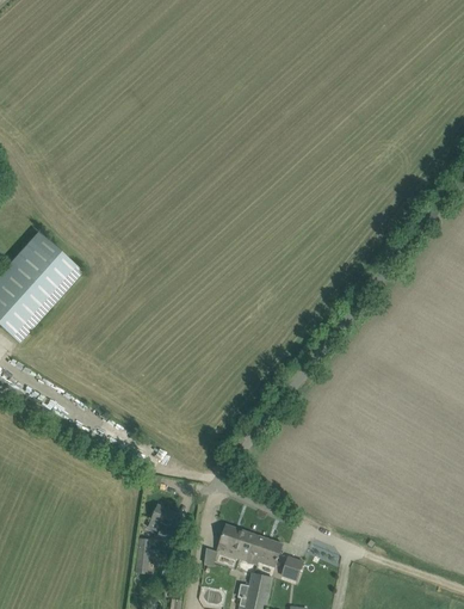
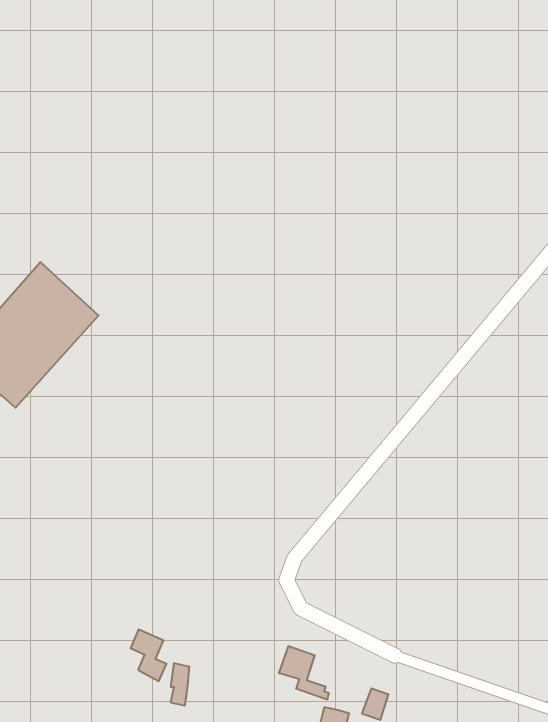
building: [150,504,178,543] -> [131,629,167,681]
building: [240,531,282,566] -> none

